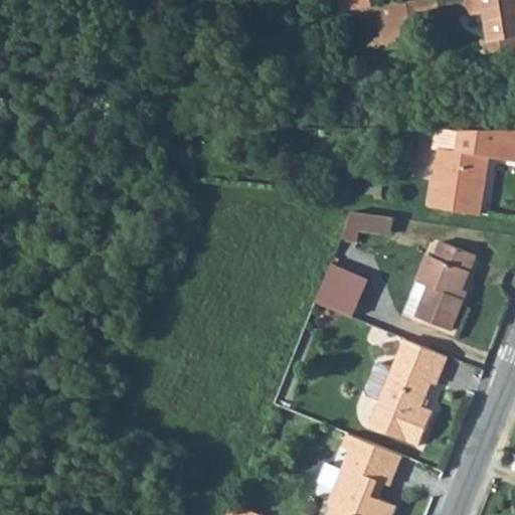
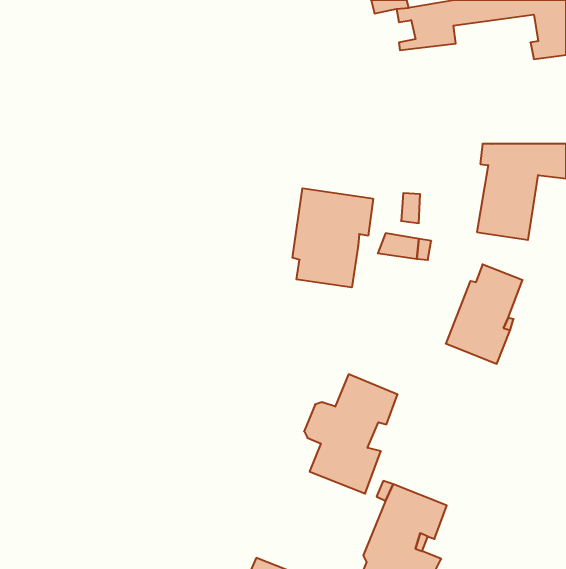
building: none -> [292,188,373,287]
building: [317,262,369,316] -> none
building: [364,339,449,447] -> [304,374,398,494]

